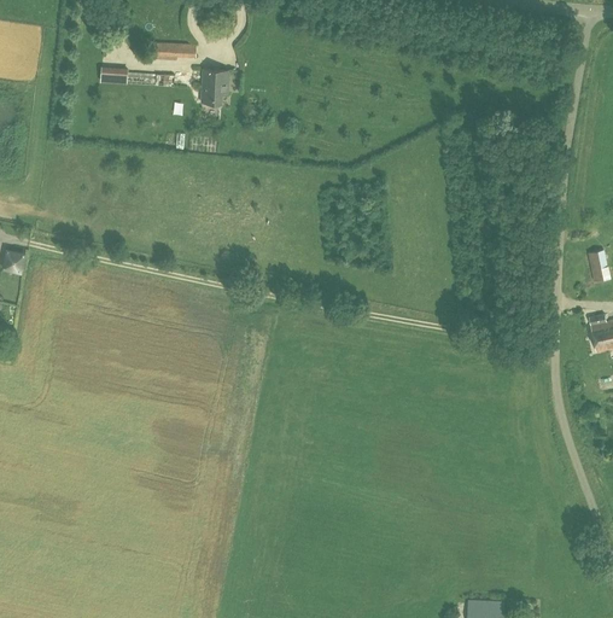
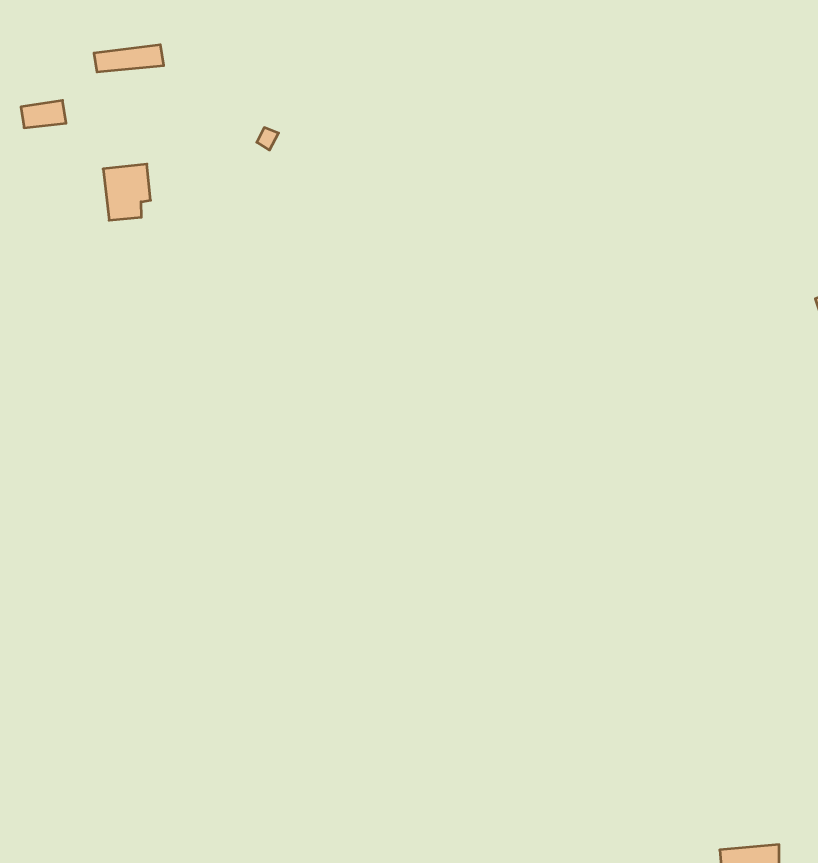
building: [200,69,229,103] -> [103,164,151,220]

